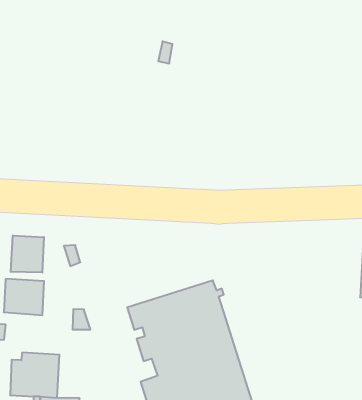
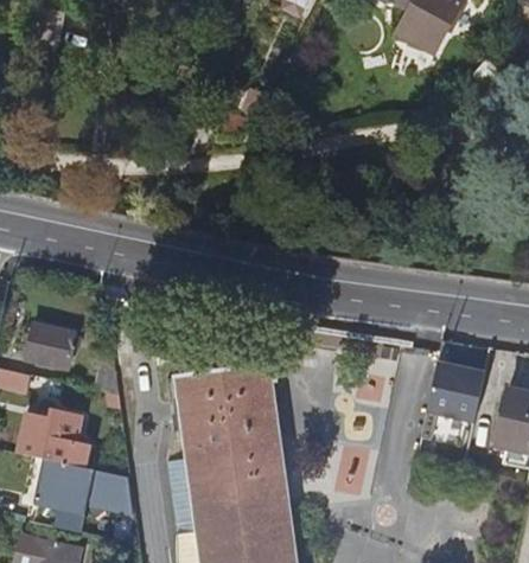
building: [11,235,44,273] -> none

